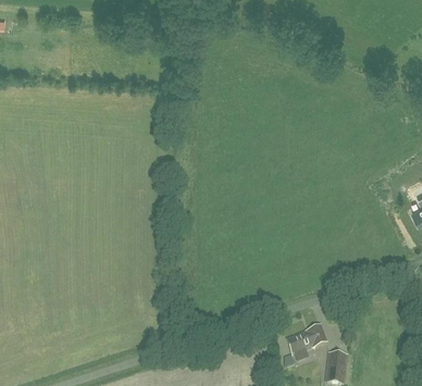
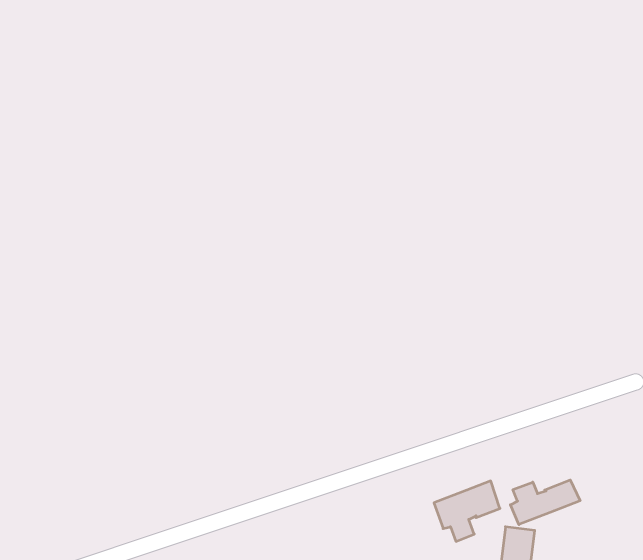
building: none -> [510,480,580,525]

